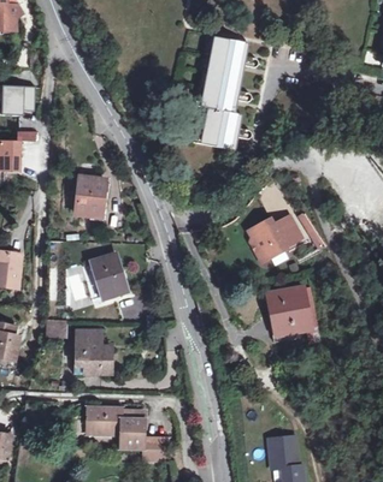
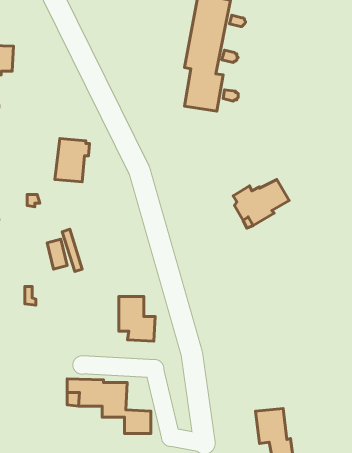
building: [93,255,126,297] -> none
building: [265,287,311,343] -> none
building: [76,331,111,374] -> [119,296,155,341]

